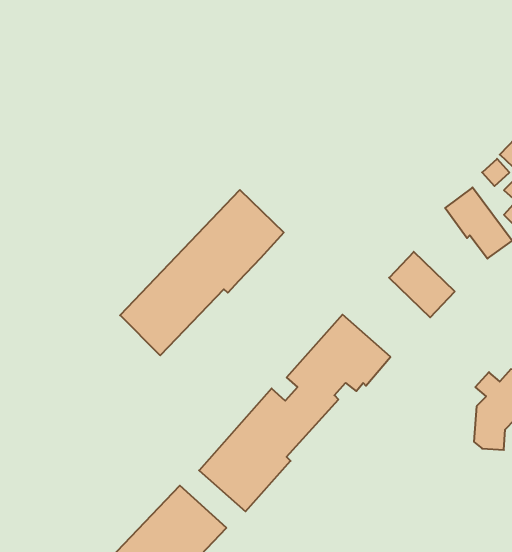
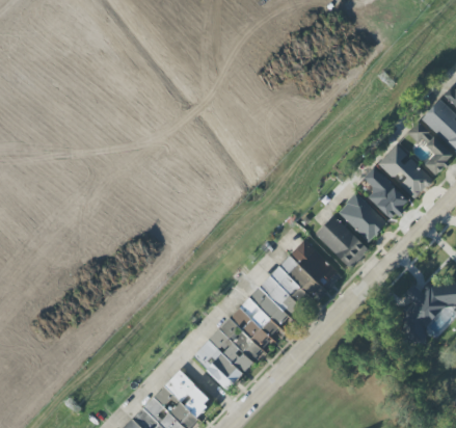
building: [120,190,284,355] -> none
building: none -> [364,166,410,220]
building: none -> [316,215,369,268]

